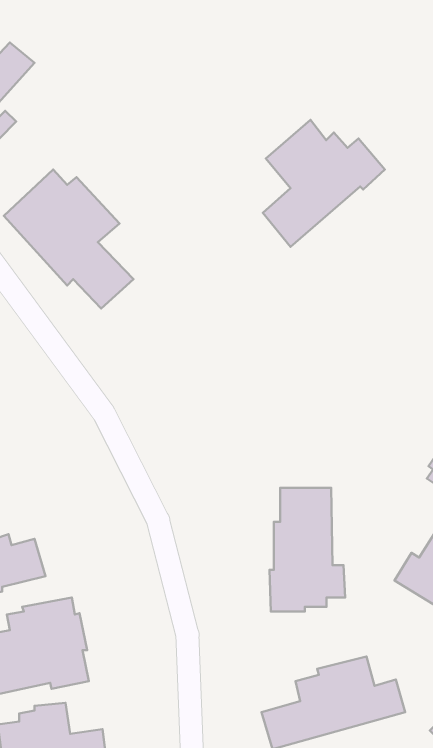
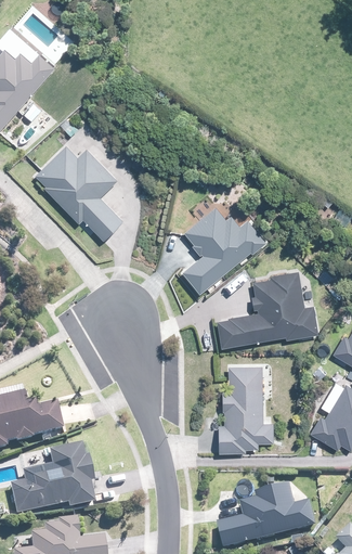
building: [263,120,385,247] -> [181,206,266,295]
building: none -> [214,270,318,348]

